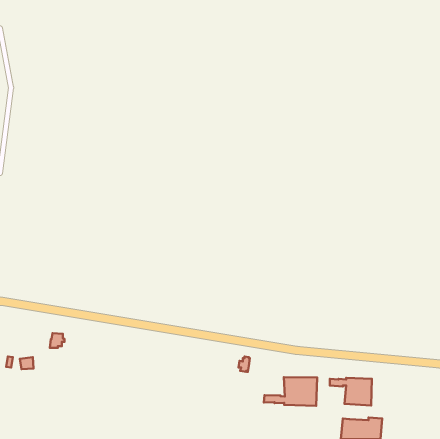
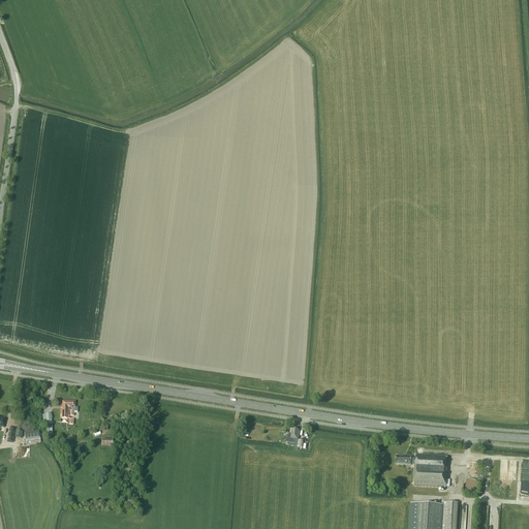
building: [264,377,317,406] -> none

